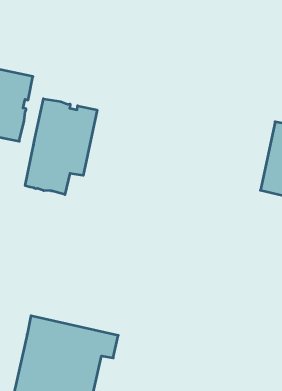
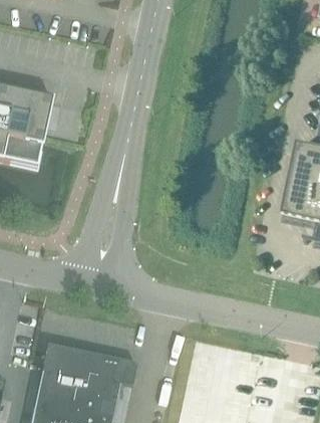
building: [25,99,97,195] -> none

